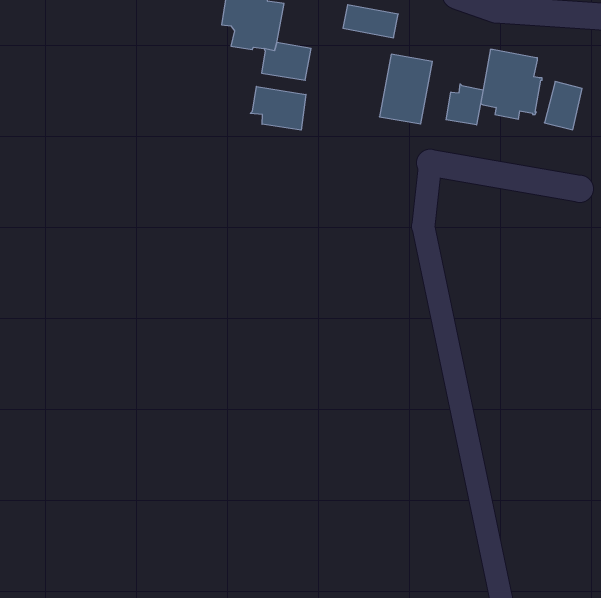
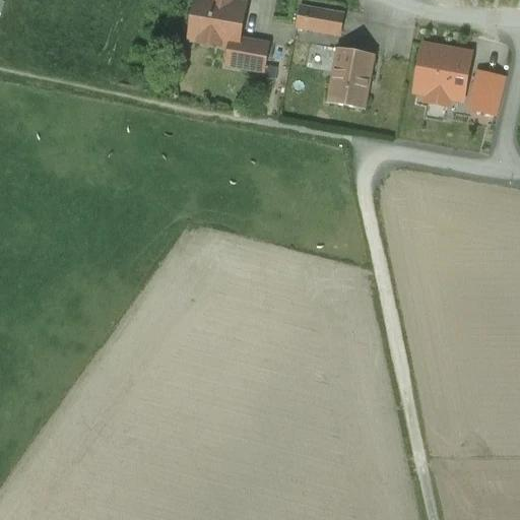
building: [446,84,483,125] -> none
building: [250,86,306,130] -> none

